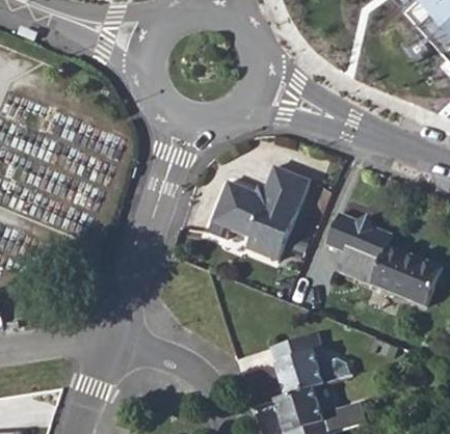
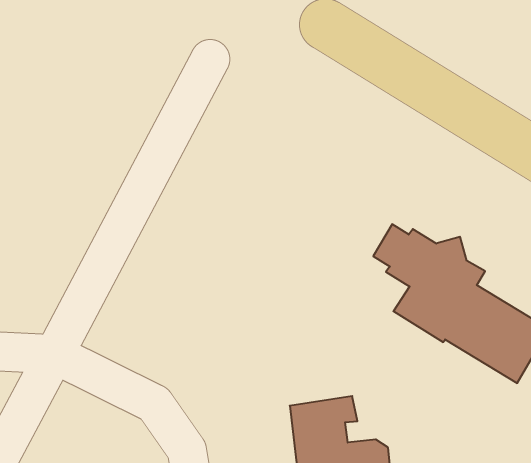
building: [204,165,308,261] -> none

